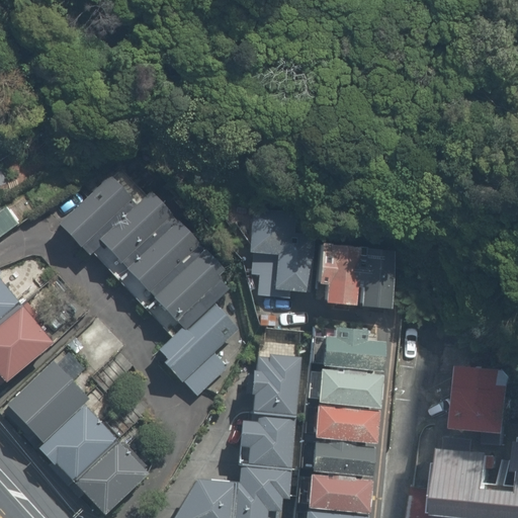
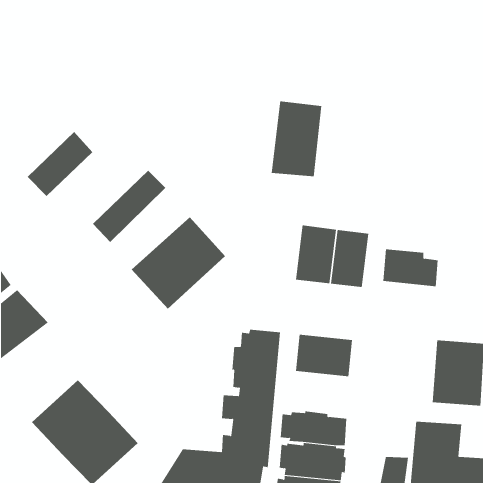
building: [62,176,133,246] -> [27,131,93,197]
building: [122,211,204,289] -> none
building: [255,214,310,295] -> [271,101,322,177]
building: [163,305,247,387] -> none
building: [321,324,380,364] -> [382,249,438,287]
building: [8,367,84,441] -> none
building: [304,404,379,445] -> none

